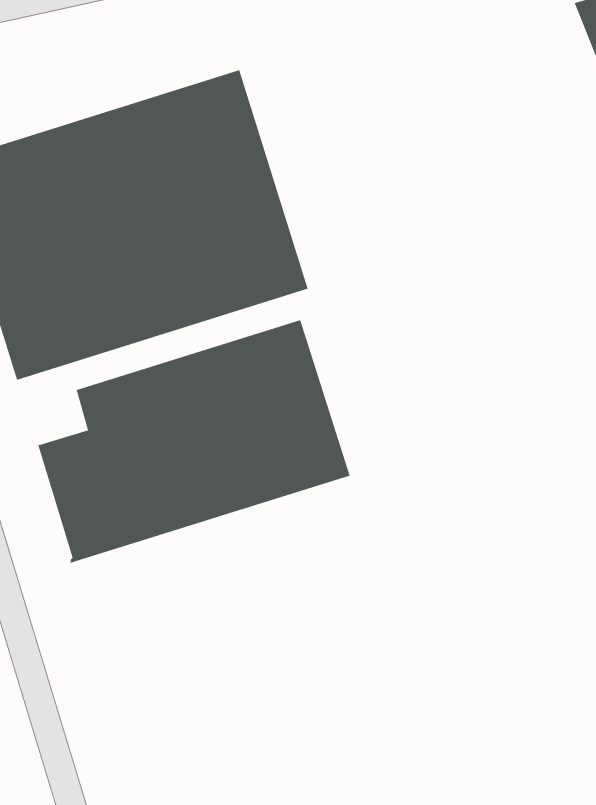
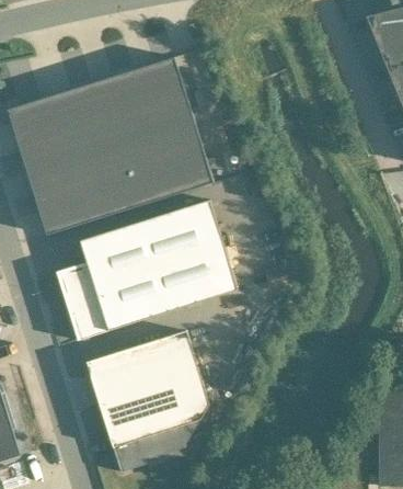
building: none -> [85,330,209,471]

